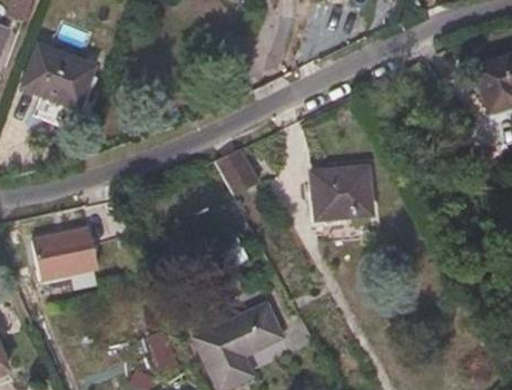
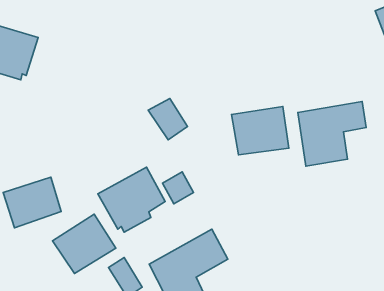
building: none -> [298,101,366,166]
building: none -> [98,167,165,232]
building: none -> [53,214,116,273]

